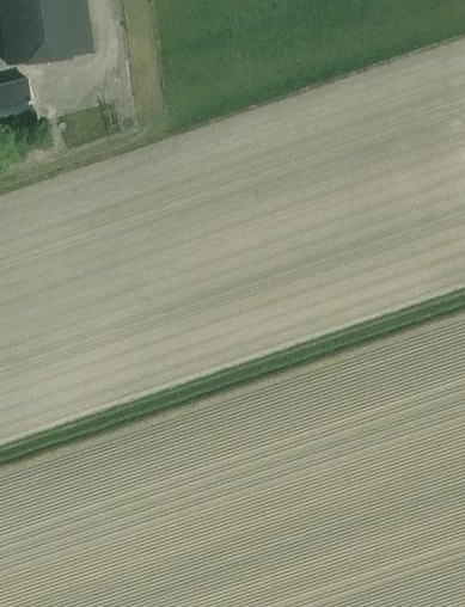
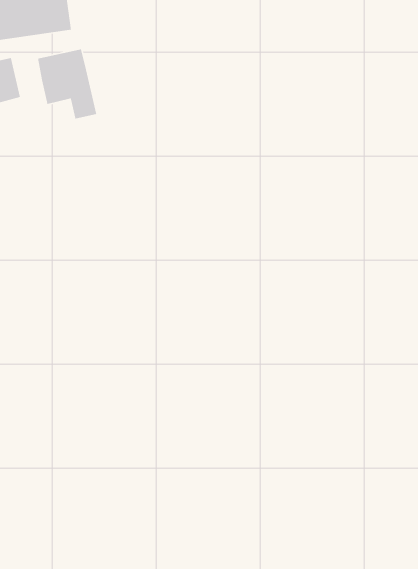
building: none -> [37,49,97,119]

